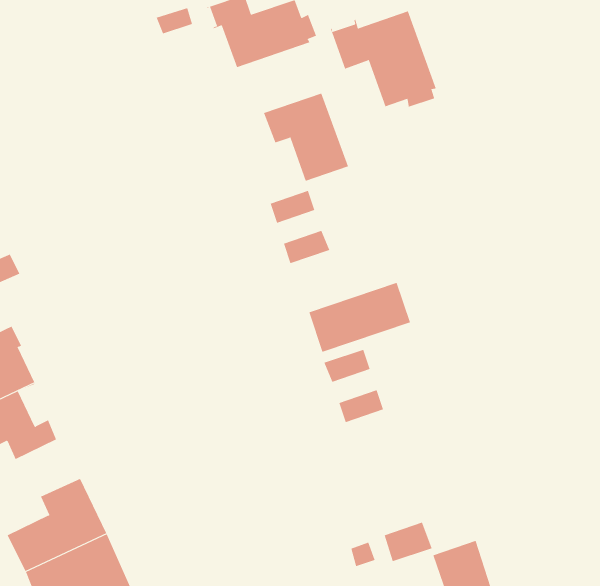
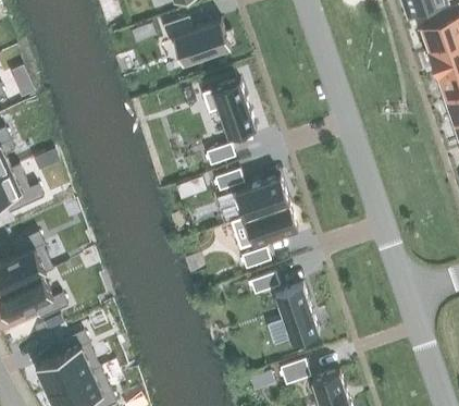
building: [330,11,436,107] -> none
building: none -> [228,176,287,222]
building: none -> [273,284,318,342]

